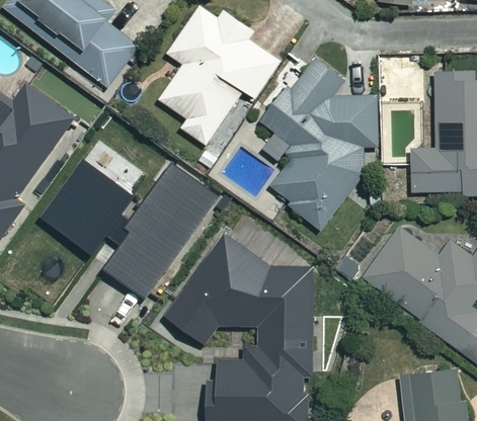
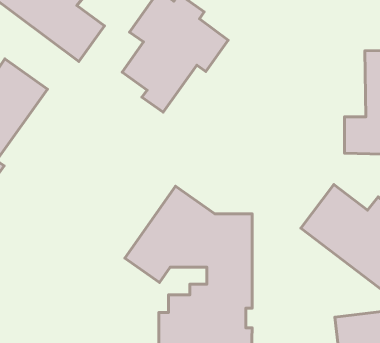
building: [262,58,378,231] -> none
building: [44,161,136,254] -> none
building: [102,165,219,299] -> none

